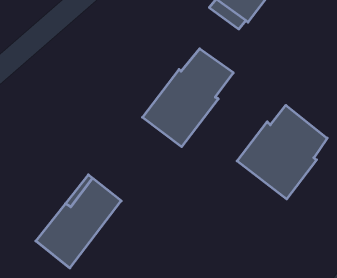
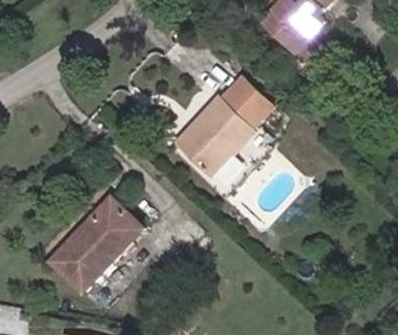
building: [237,105,327,199] -> none

